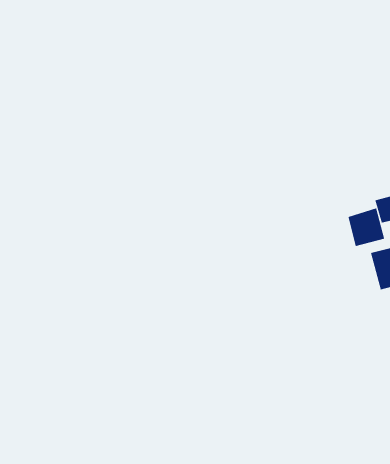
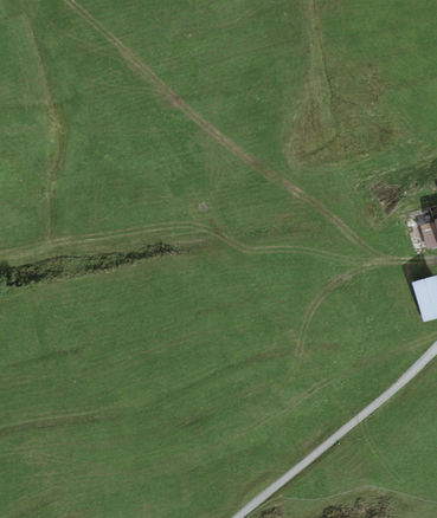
building: [348,208,385,247] -> none

